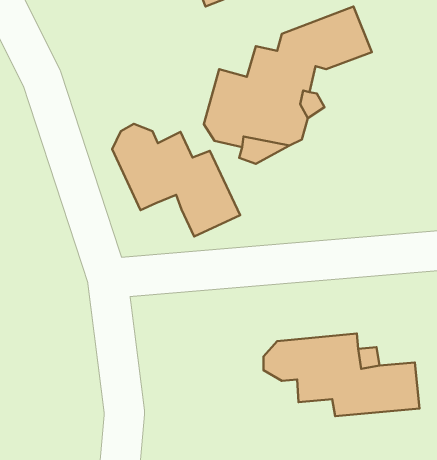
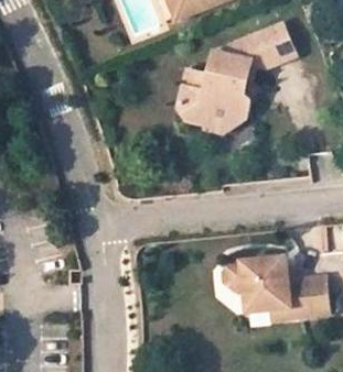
building: [112,124,240,236] -> none

